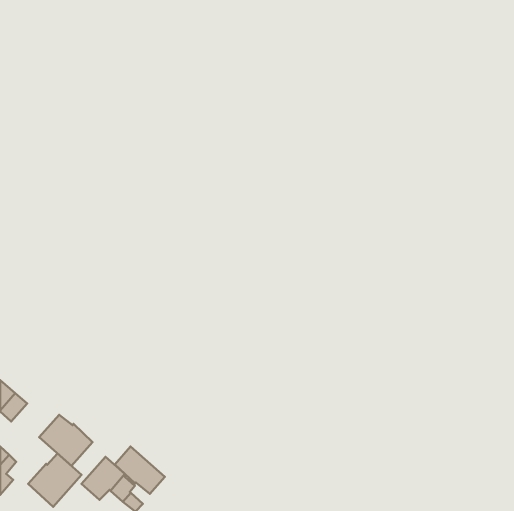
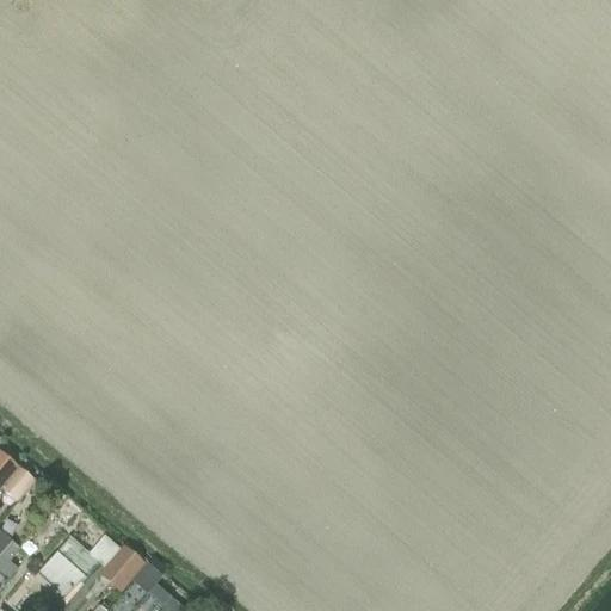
building: [39,415,92,466] -> none
building: [115,446,165,494] -> none

